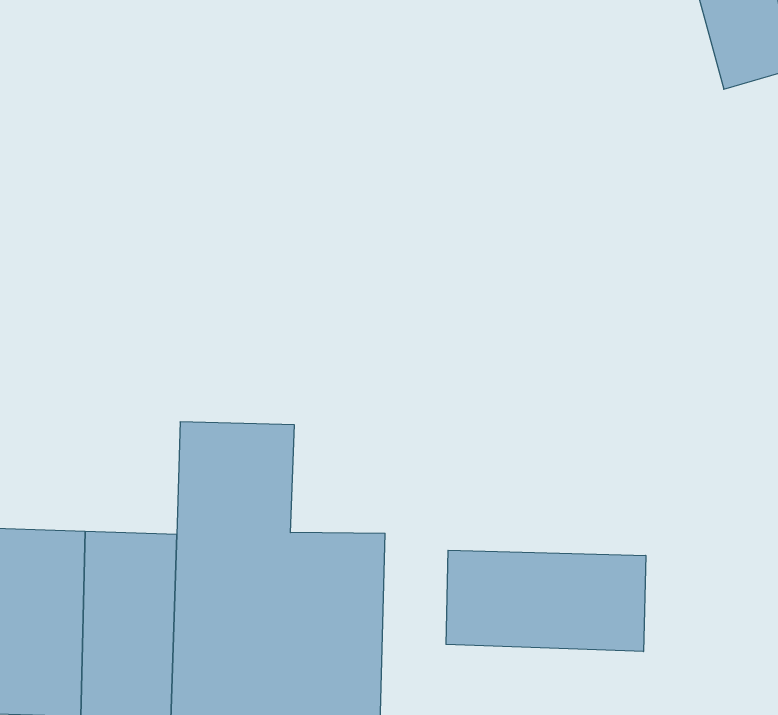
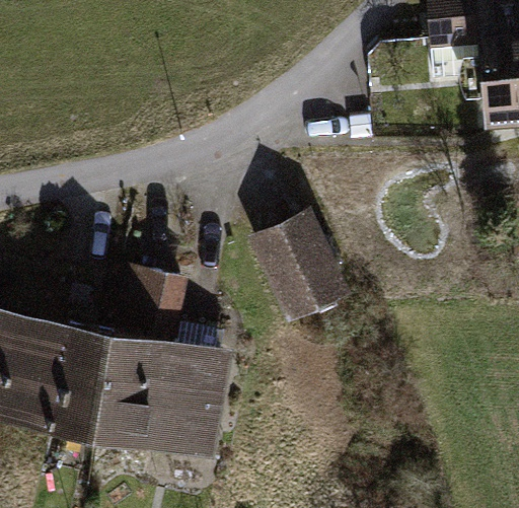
building: none -> [239,193,347,310]
building: [446,550,646,652] -> none

